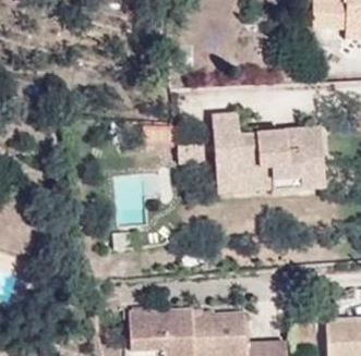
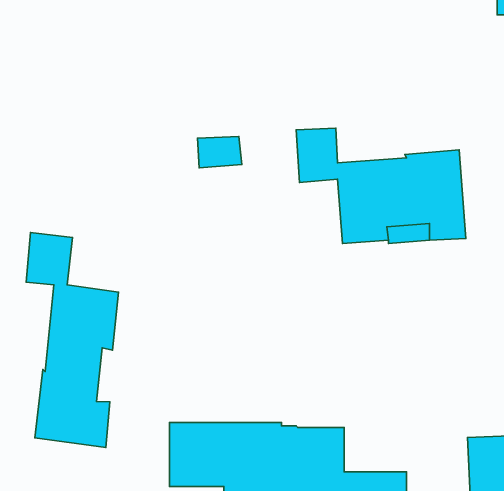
building: [215,148,243,192] -> none
building: none -> [26,232,118,447]

